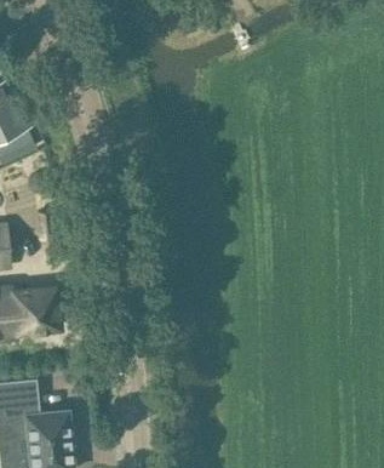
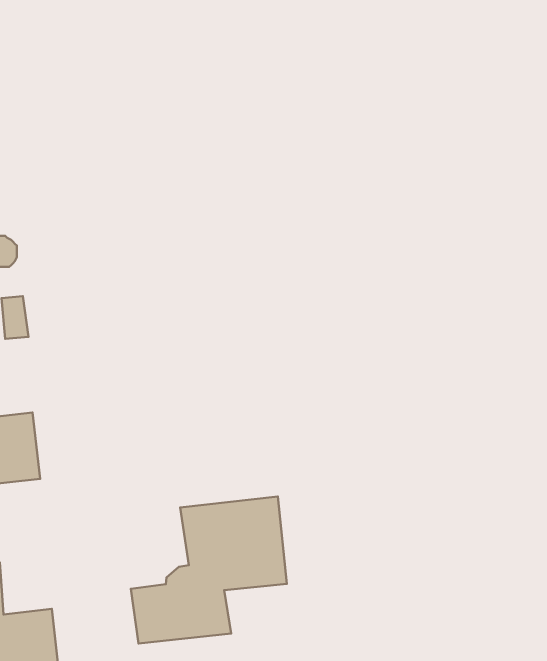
building: none -> [131,496,287,643]

